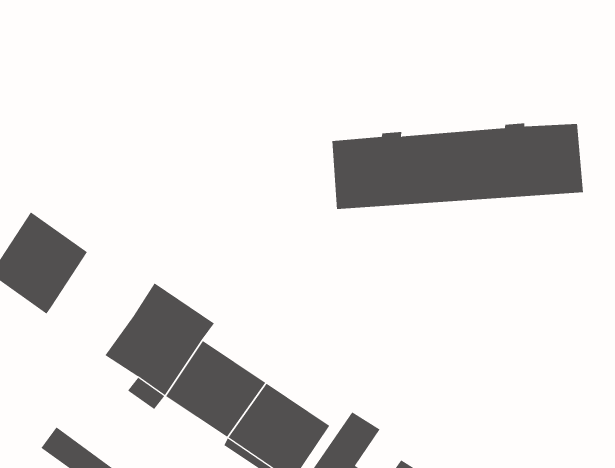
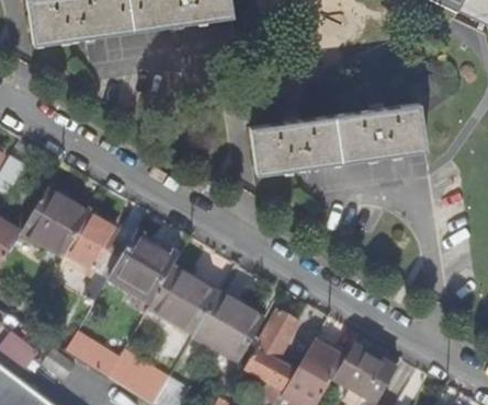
building: none -> [68,213,124,301]

